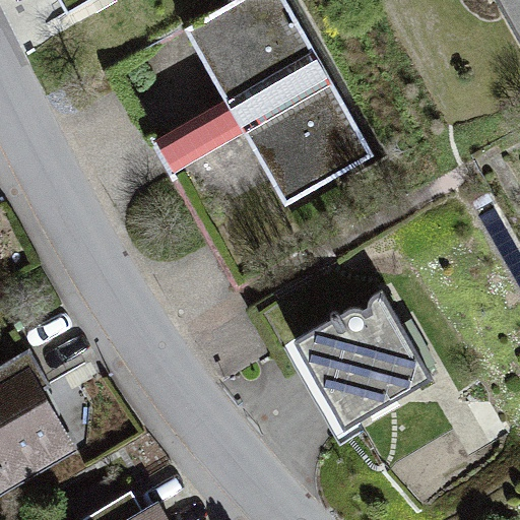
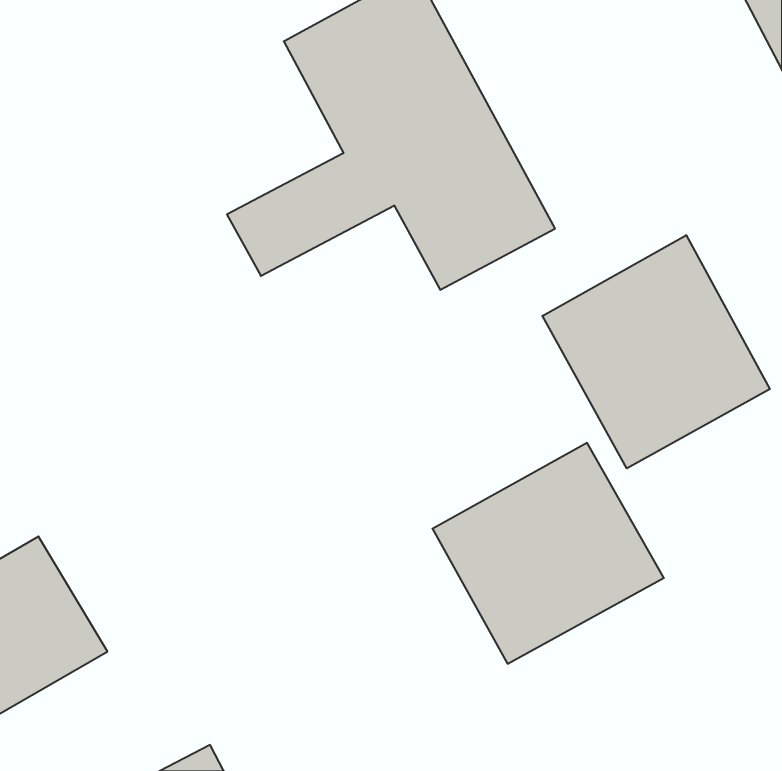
building: none -> [542,235,770,468]

